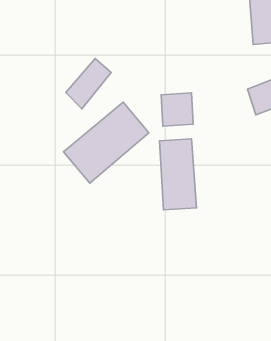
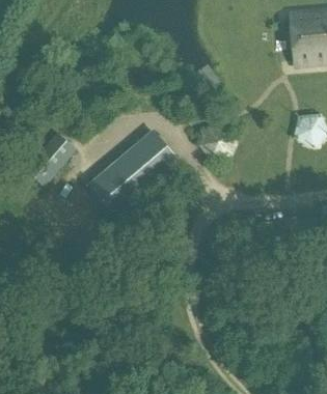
building: [66,58,111,109] -> [26,133,76,188]
building: [160,139,196,210] -> none

